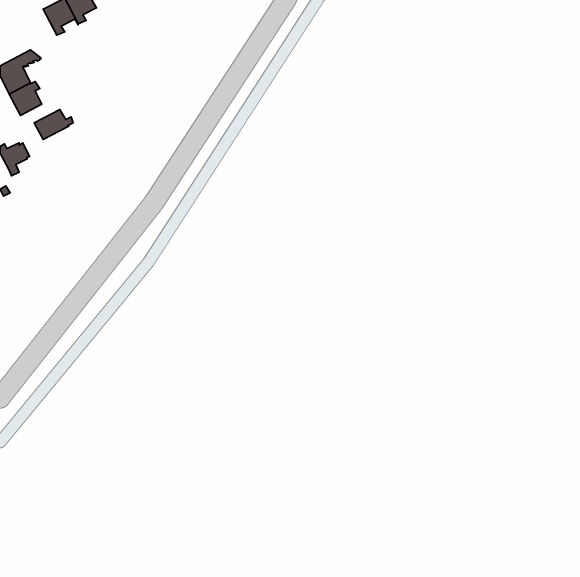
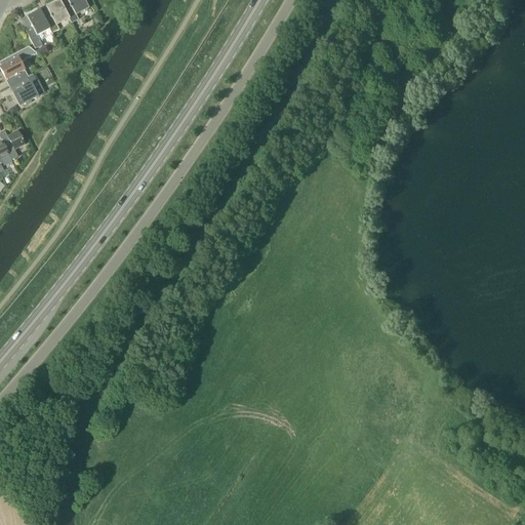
building: none -> [19,8,51,48]
building: [34,109,73,140] -> none

